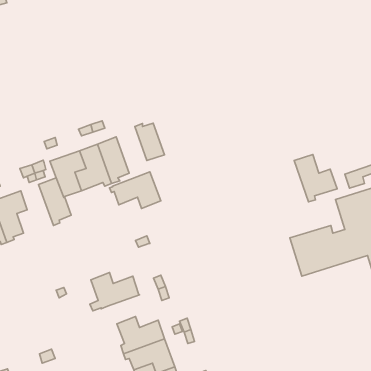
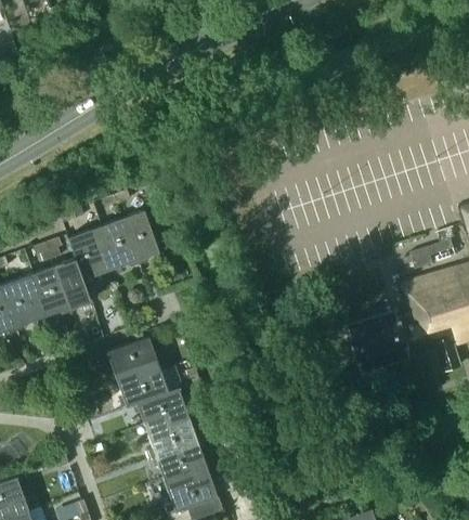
building: [135,123,164,160] -> none
building: [294,154,337,202] -> none
building: [110,172,161,208] -> [103,337,162,379]
building: none -> [28,264,70,321]
building: none -> [133,388,192,430]

